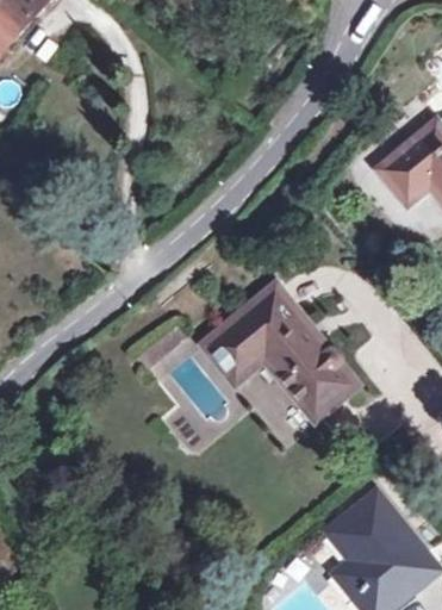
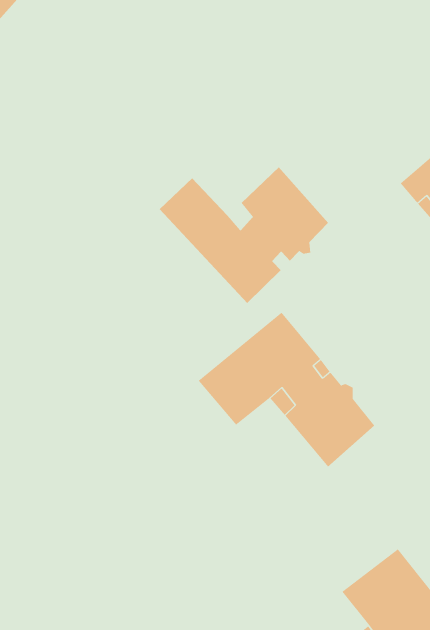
building: none -> [159,167,329,304]

